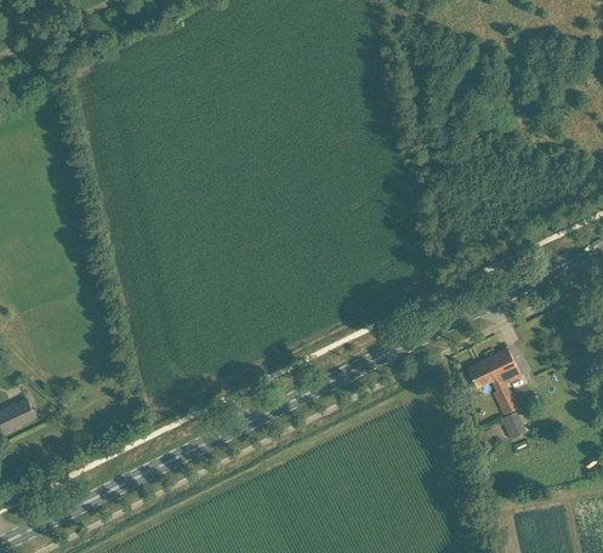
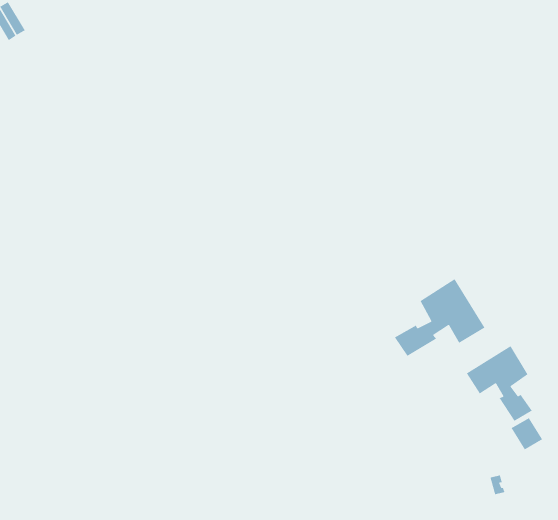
building: none -> [394,278,486,357]

